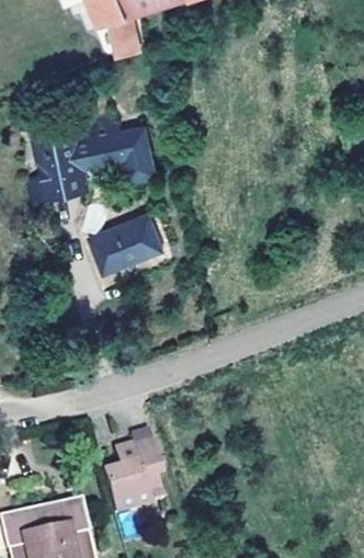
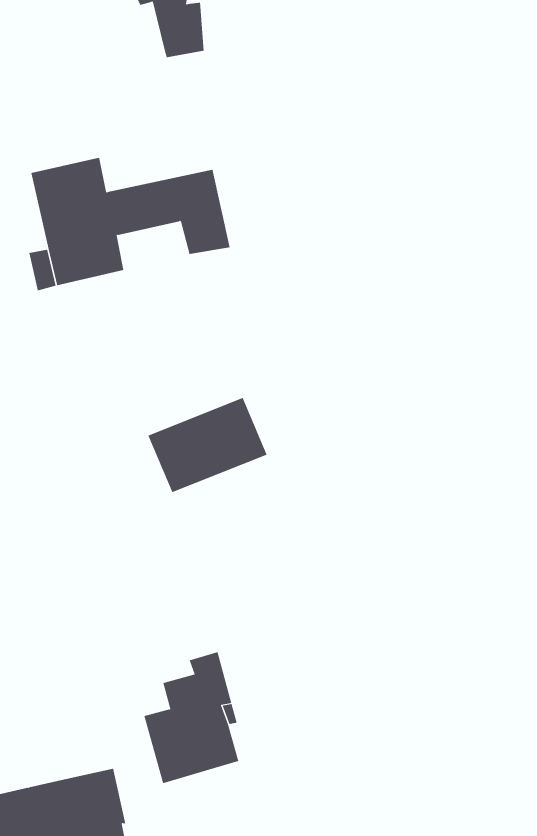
building: [89,213,164,273] -> [147,397,268,493]

